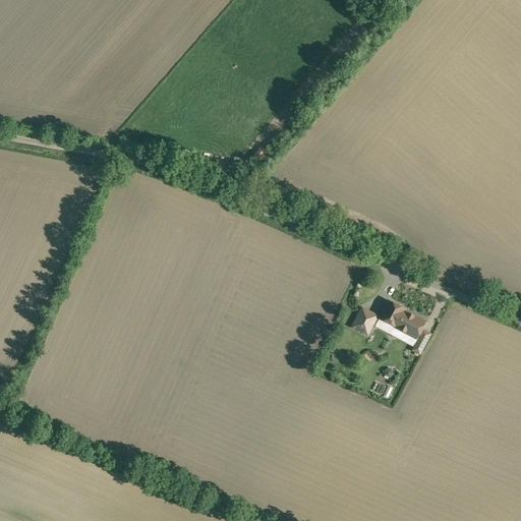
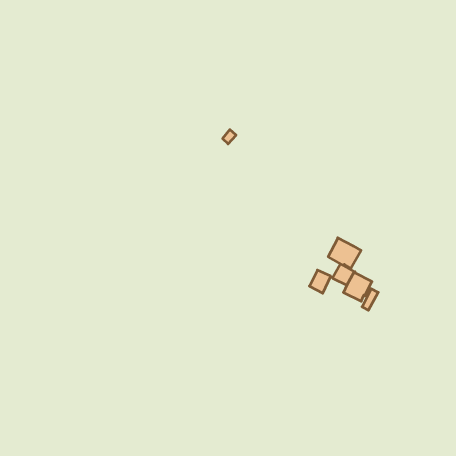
building: none -> [328,238,361,269]

